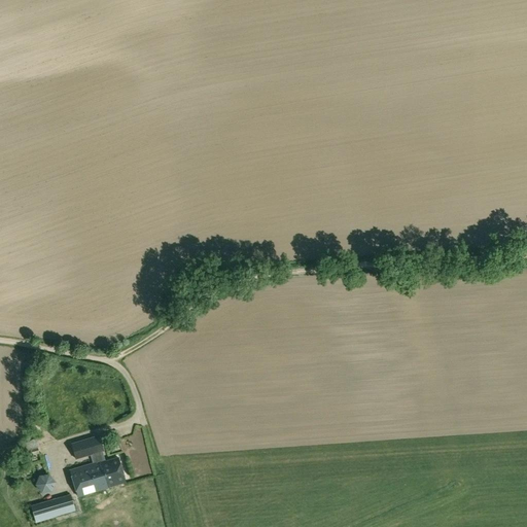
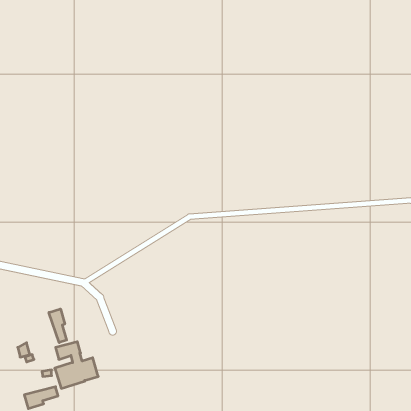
building: none -> [49,309,67,343]

